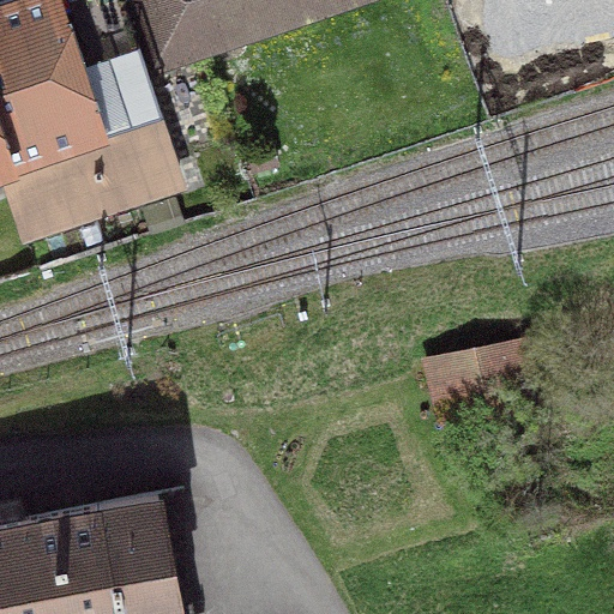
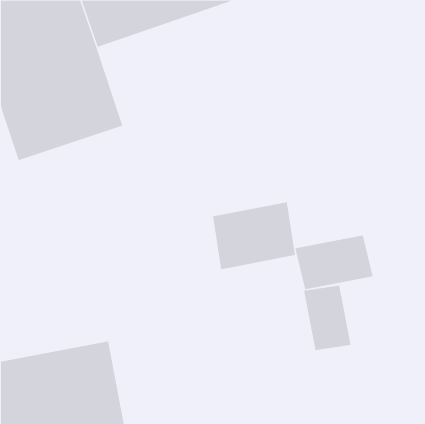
building: none -> [213,201,296,270]
building: none -> [303,285,351,351]

